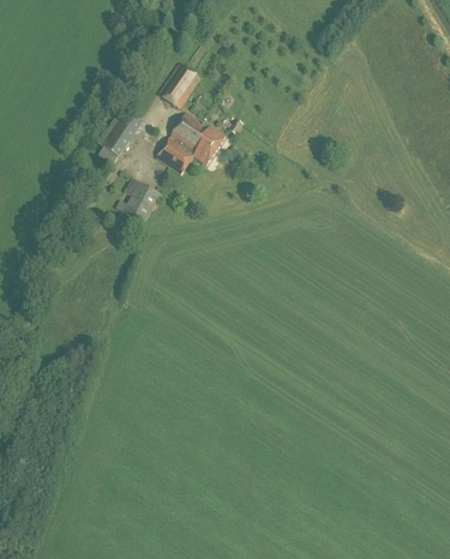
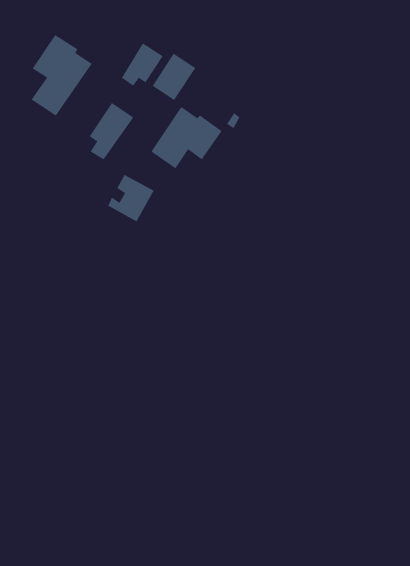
building: none -> [31,34,92,116]
building: none -> [121,43,163,87]

